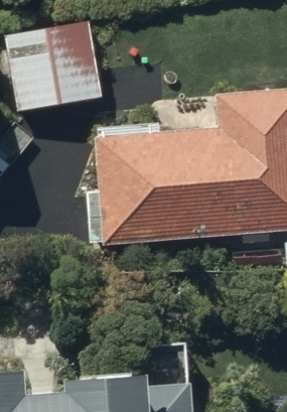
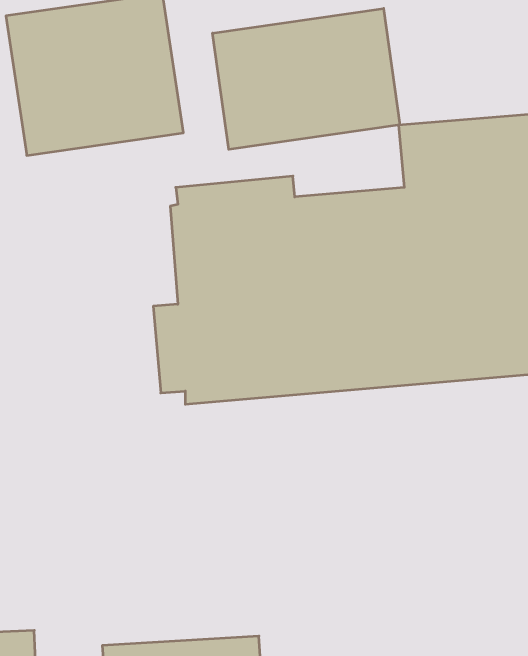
building: none -> [213,8,400,149]

